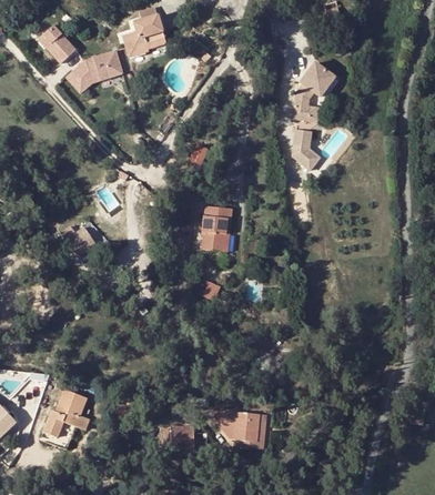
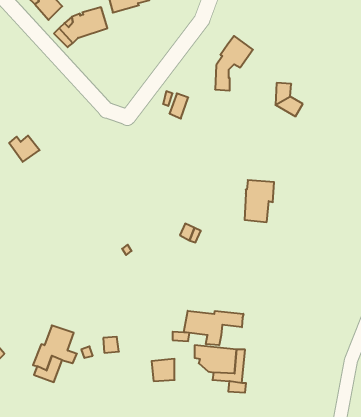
building: [296,63,336,121] -> [215,36,253,91]
building: [201,205,232,250] -> [245,180,274,222]
building: [62,226,94,254] -> [9,136,40,162]
building: none -> [184,311,243,345]

